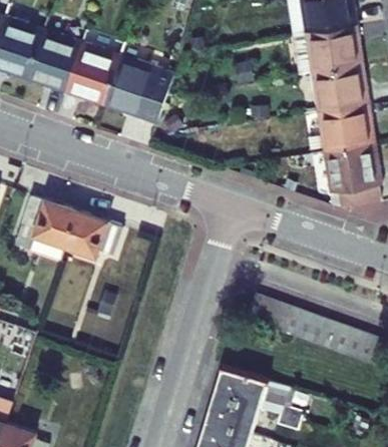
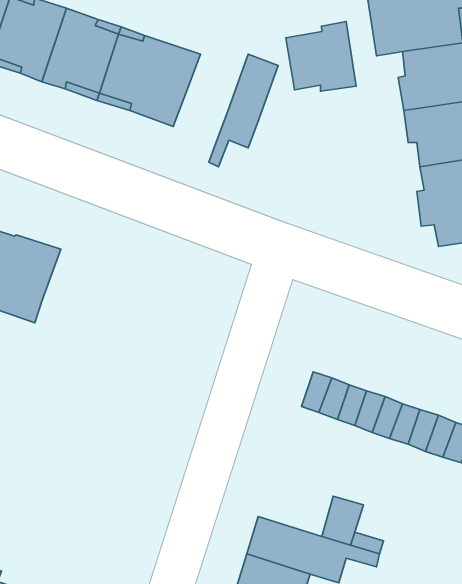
building: none -> [286,21,356,91]
building: none -> [209,54,278,167]
building: [64,208,122,256] -> none
building: [215,367,267,408] -> none

